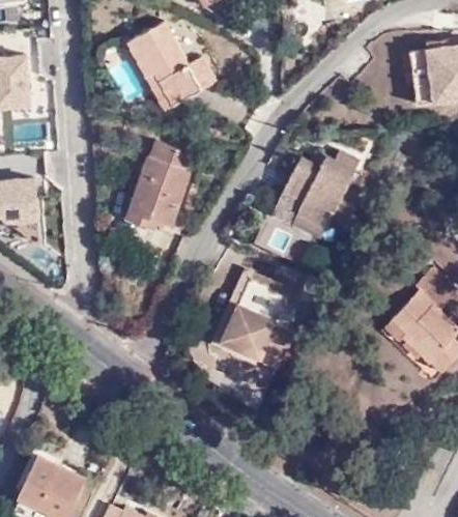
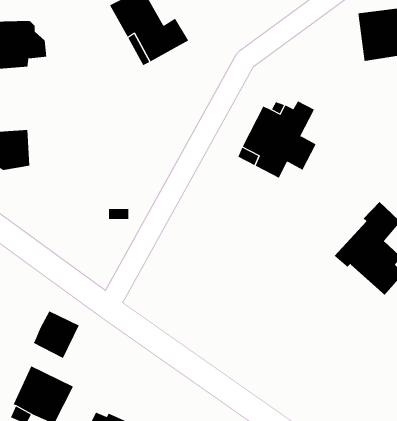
building: [124,139,190,228] -> none
building: [220,279,307,366] -> none
building: none -> [33,311,80,359]

